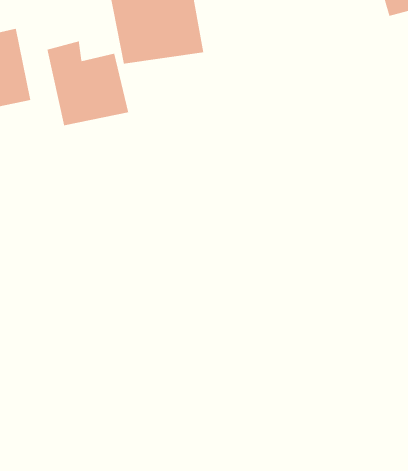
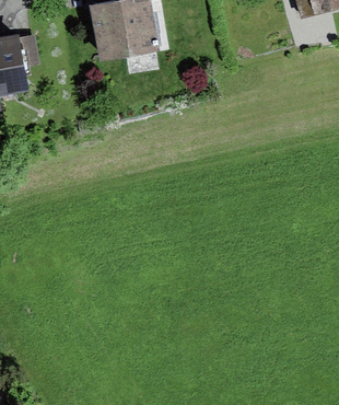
building: [47,40,129,126] -> none

